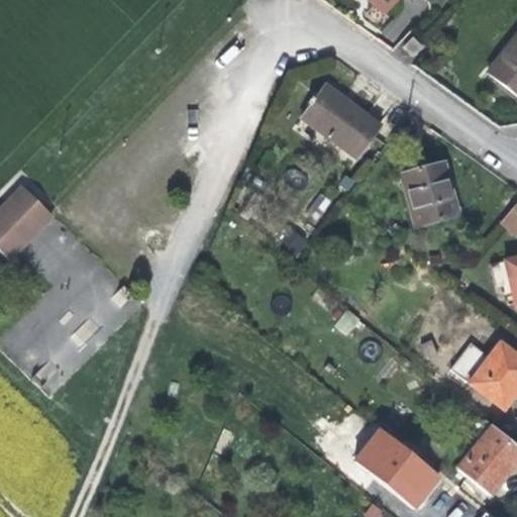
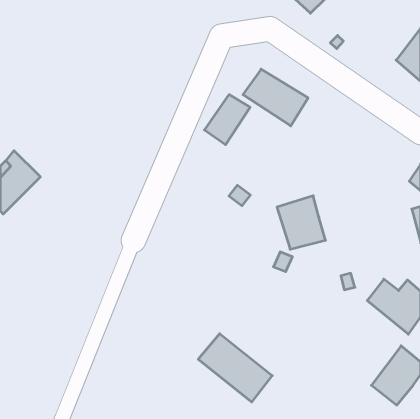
building: none -> [204,95,250,145]
building: [402,161,461,226] -> [277,196,326,249]
building: [353,425,444,509] -> [198,334,272,402]

